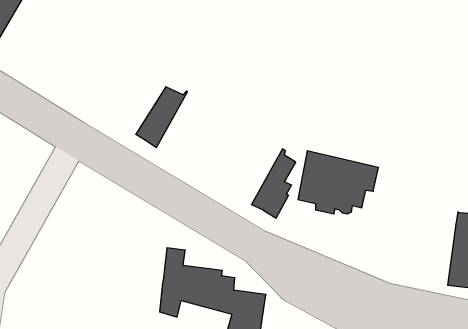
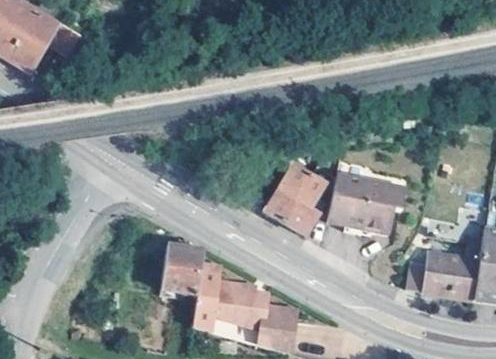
building: [136,87,187,148] -> [263,164,313,223]
building: none -> [406,240,481,301]
building: none -> [161,245,203,299]

